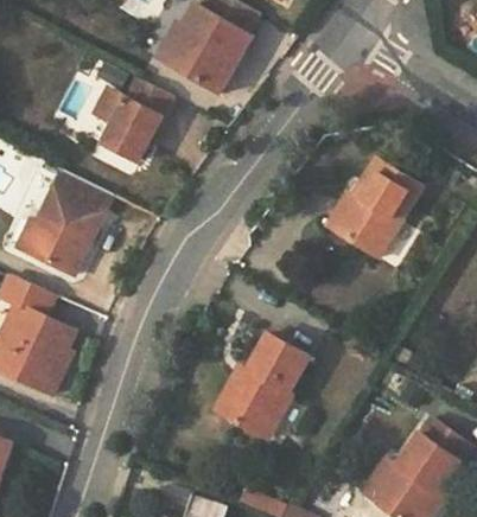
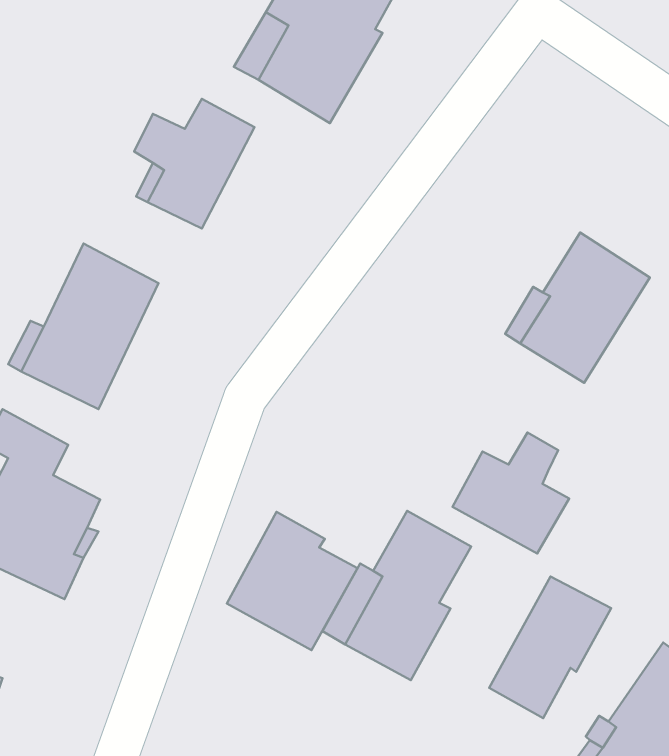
building: none -> [453,432,569,554]
building: none -> [227,512,358,650]
building: none -> [489,576,611,718]

